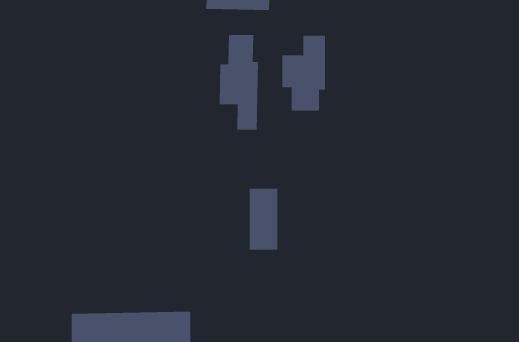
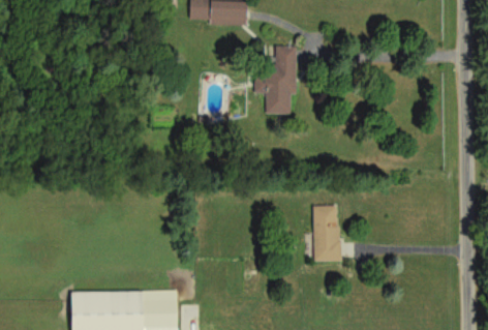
building: [219,34,258,131] -> none
building: [249,188,278,250] -> [313,207,339,262]

